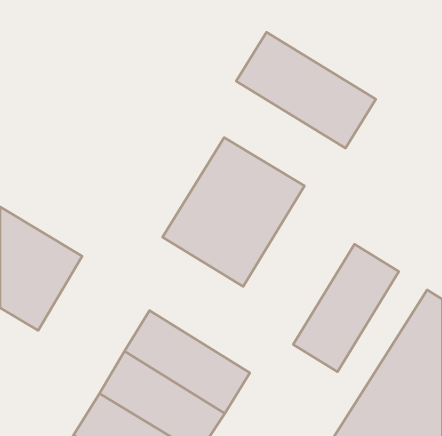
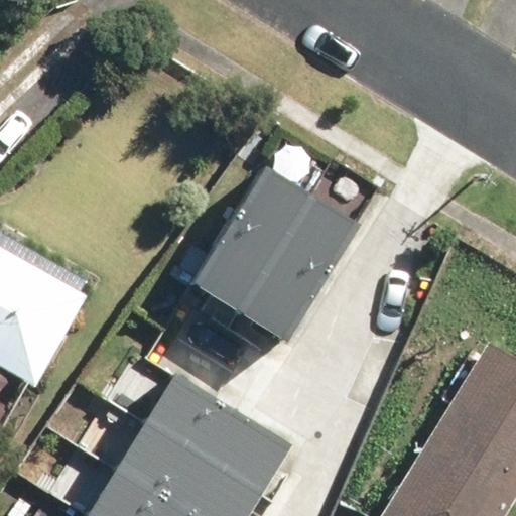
building: [236,32,376,148] -> none
building: [293,244,399,372] -> none

